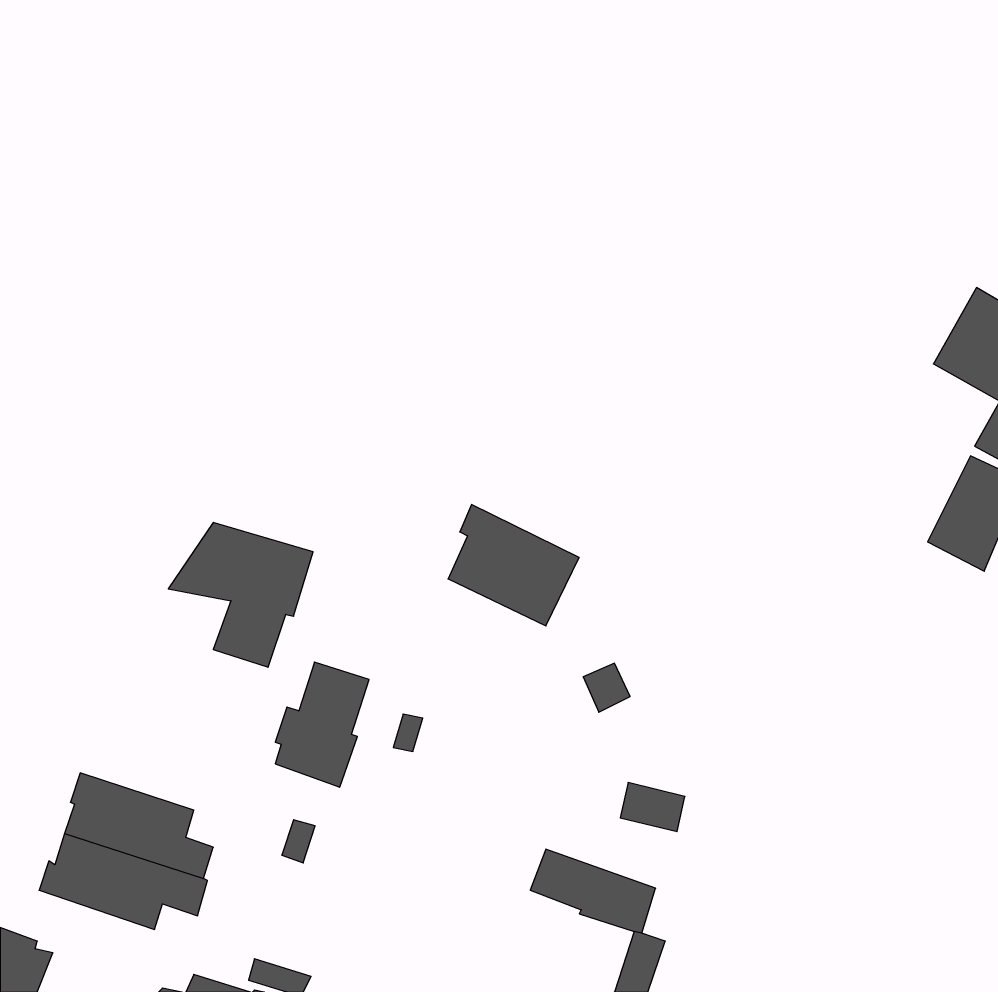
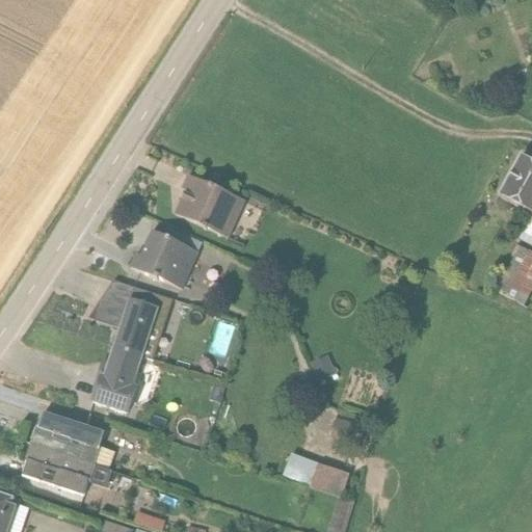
building: none -> [130,230,198,287]
building: [448,505,579,626] -> [176,172,245,237]
building: [275,662,369,787] -> [94,345,143,411]

